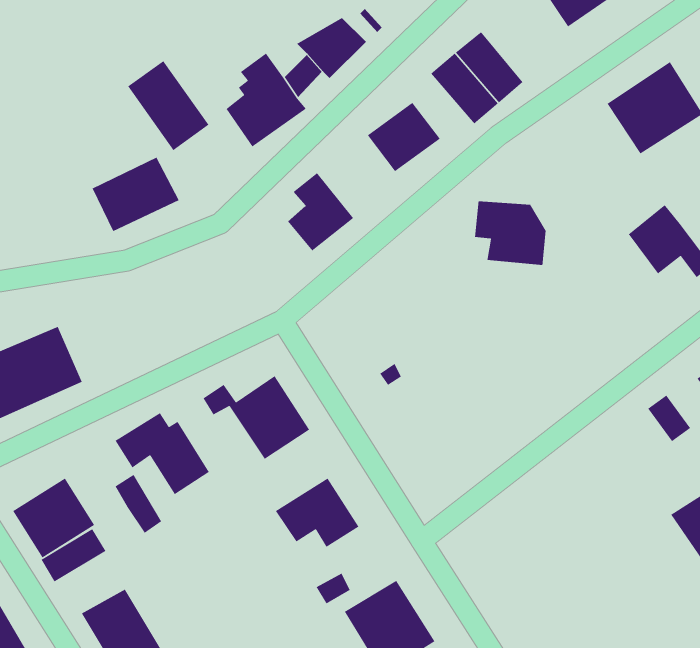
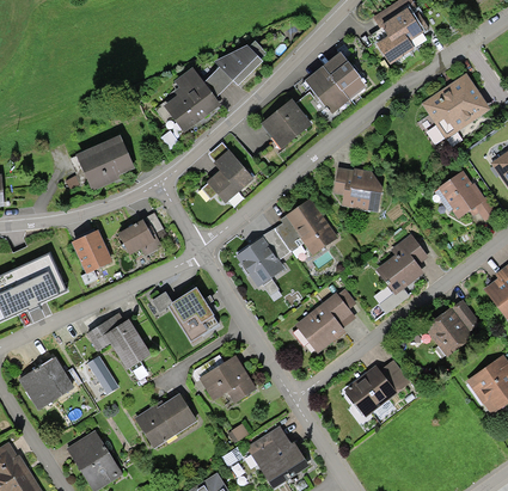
building: [127,60,210,151] -> none
building: none -> [275,197,339,257]
building: none -> [115,219,161,256]
building: none -> [71,229,111,272]
building: none -> [378,232,430,294]
building: none -> [234,237,286,288]
building: none -> [294,287,356,352]
building: none -> [426,308,472,356]
building: none -> [343,360,411,418]
building: [40,528,106,583] -> none
building: none -> [135,391,196,447]

